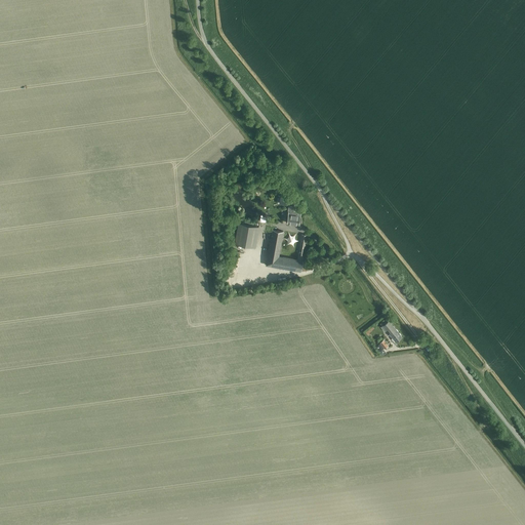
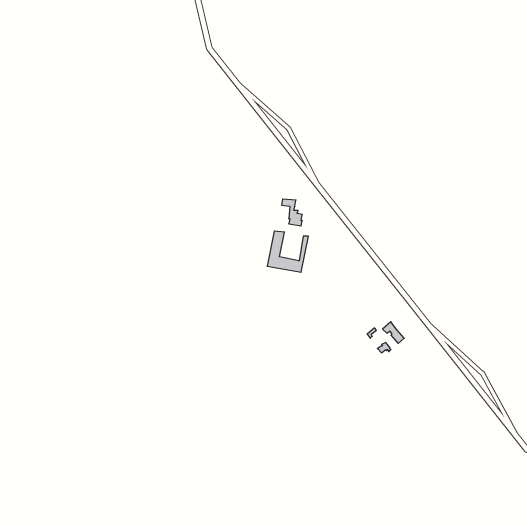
building: [234,224,258,247] -> none

